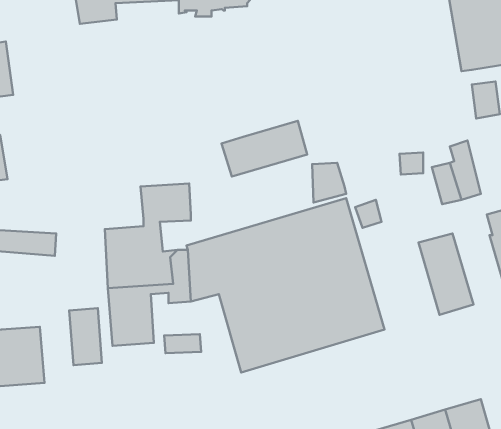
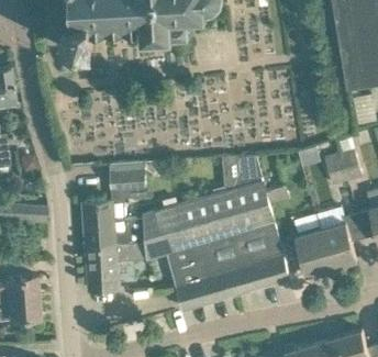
building: [221,121,307,176] -> none
building: none -> [294,230,331,276]
building: [69,308,102,365] -> none

